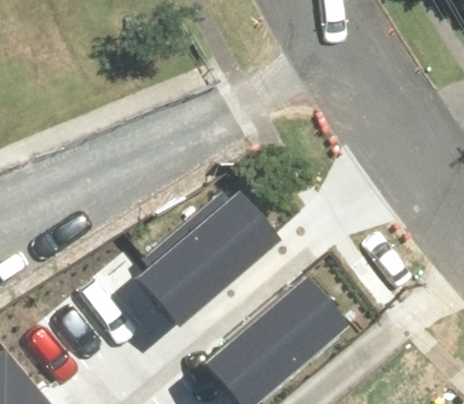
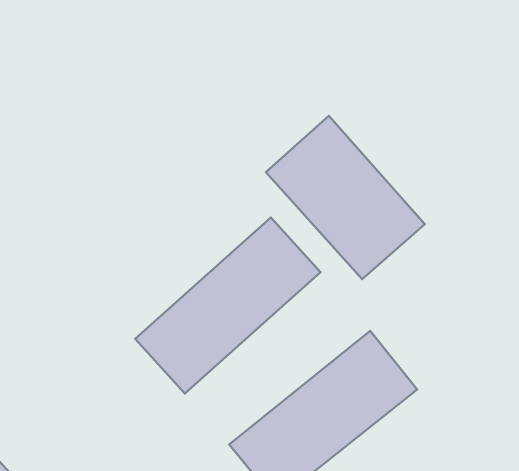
building: none -> [266,116,425,279]

